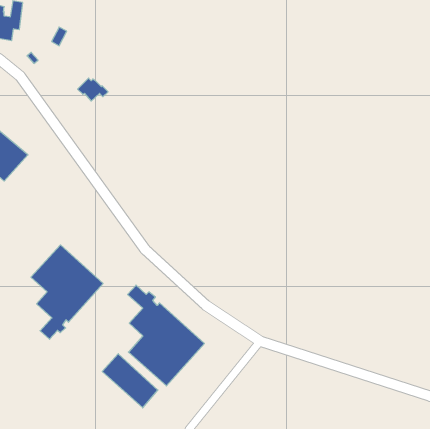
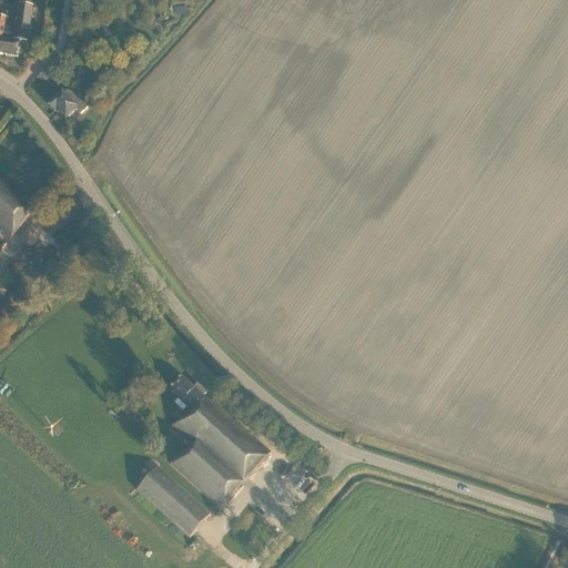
building: [78,78,108,101] -> [45,87,85,116]
building: [31,245,103,339] -> none

